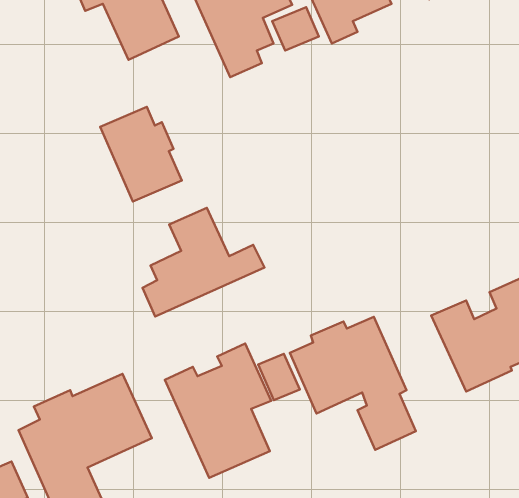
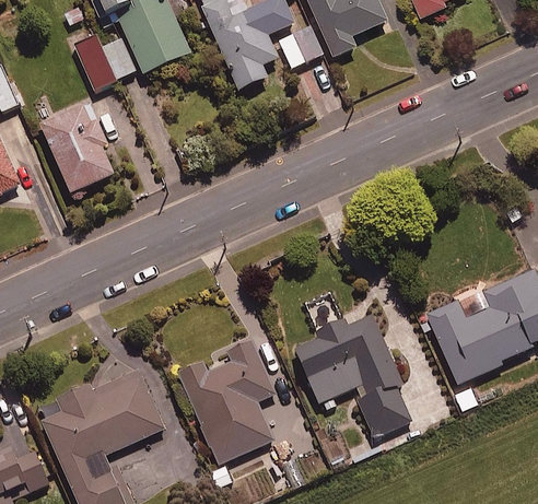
building: none -> [71,33,134,89]
building: [100,107,182,201] -> [38,106,115,195]
building: [142,208,264,316] -> none
building: [258,354,300,400] -> none

